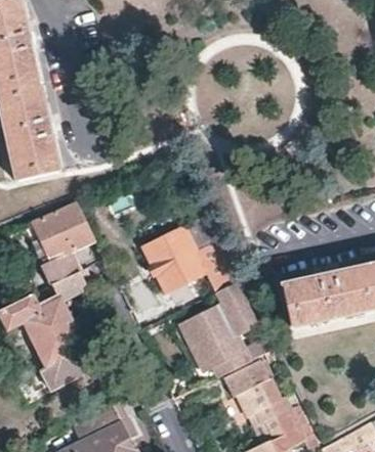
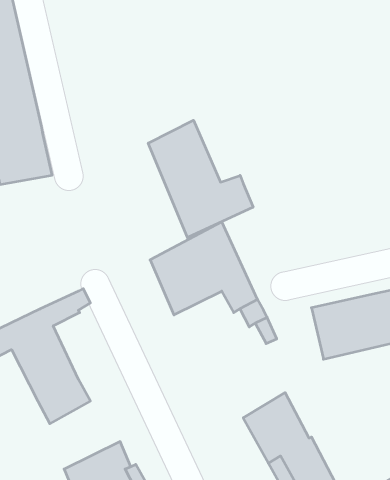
building: none -> [148,120,253,238]
building: [35,201,95,285] -> none
building: [183,301,268,369] -> none

